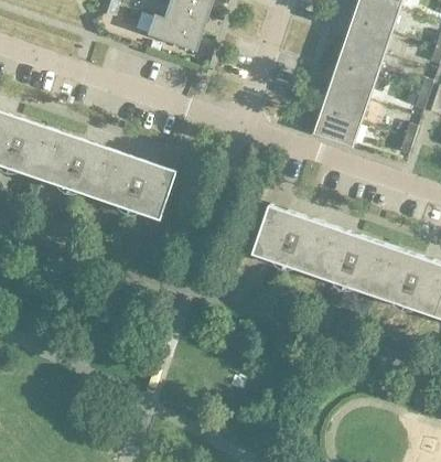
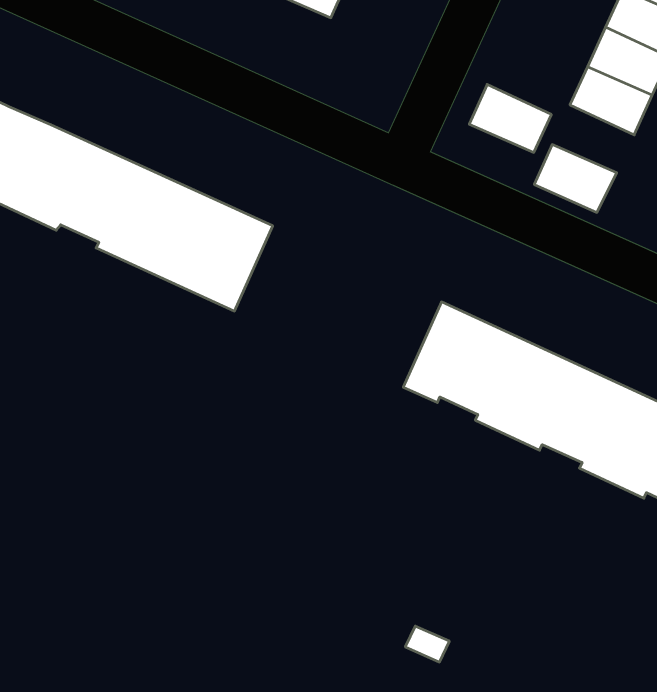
building: [322,87,367,122] -> [469,84,551,152]

